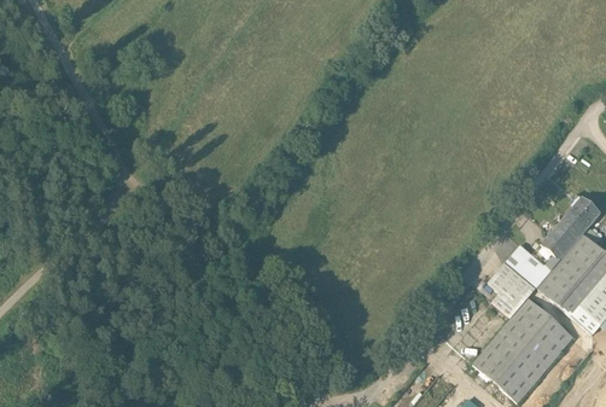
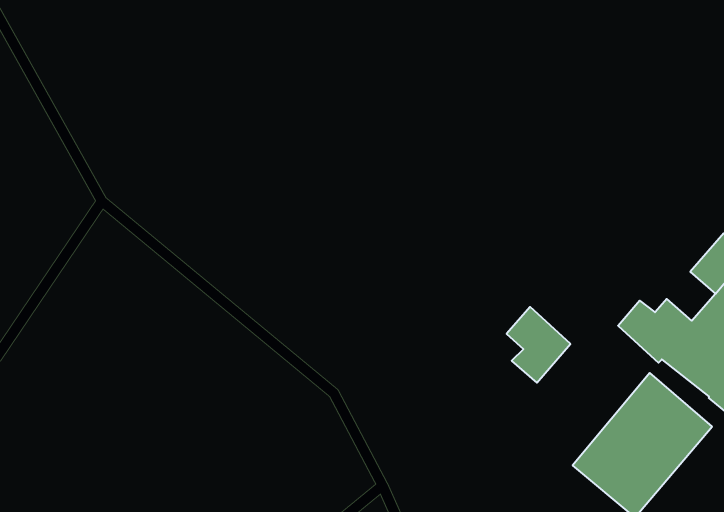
building: [541,226,576,261] -> none
building: [489,264,535,319] -> [507,307,570,383]

